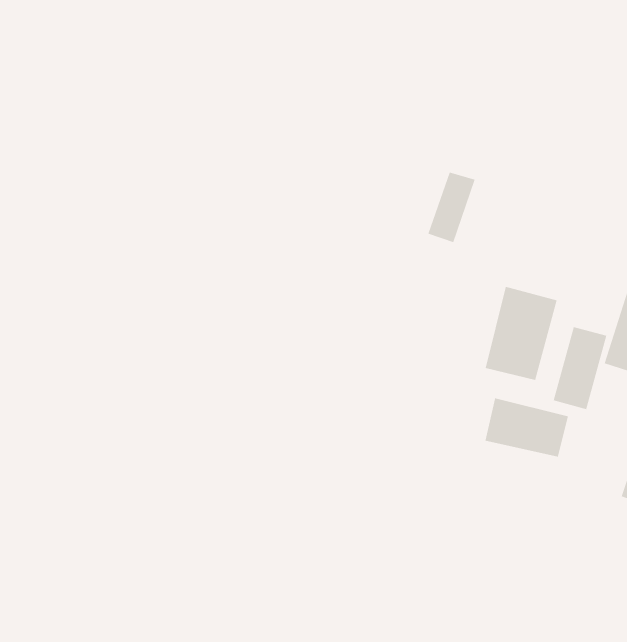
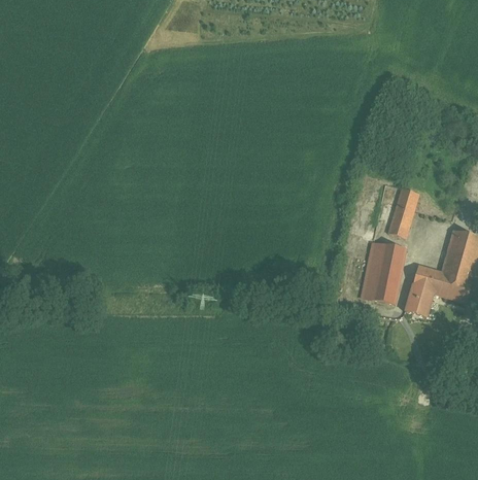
building: [428,172,476,243] -> [388,186,420,234]
building: [485,398,568,457] -> none

